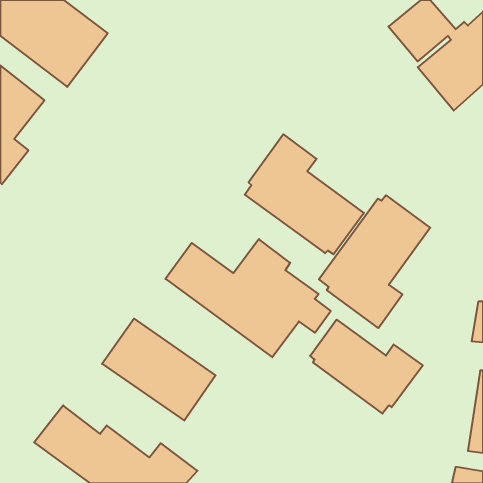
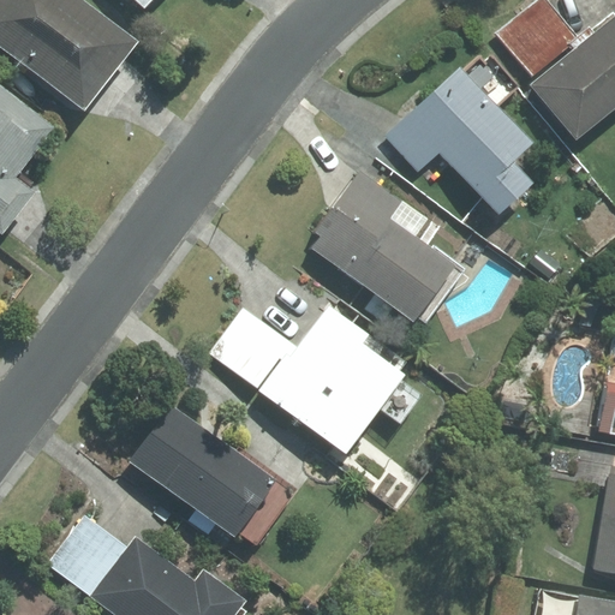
building: none -> [384,67,533,215]
building: [319,195,430,328] -> none
building: [310,320,423,414] -> none

